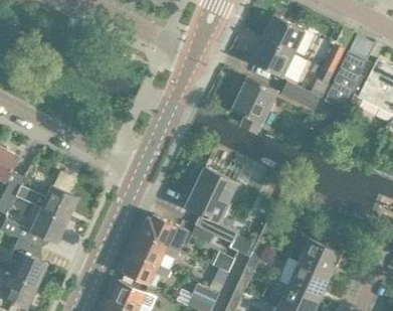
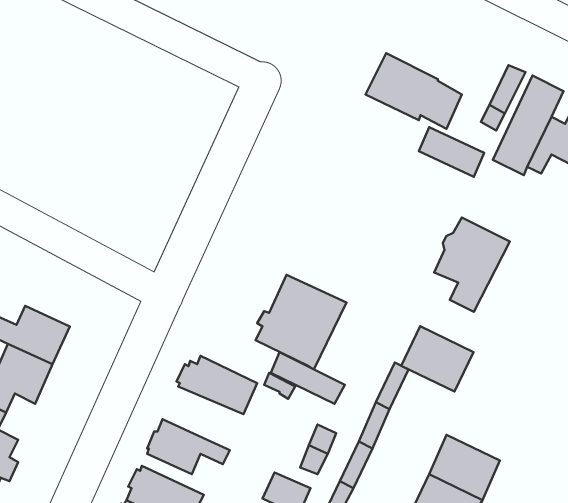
building: [262,14,315,56] -> none
building: [232,76,276,132] -> [434,217,510,312]
building: [132,232,180,264] -> none
building: [298,238,340,276] -> [401,326,473,392]

